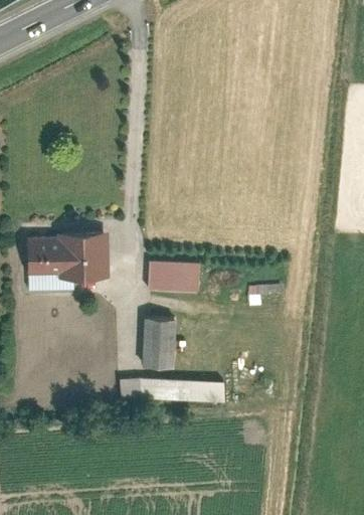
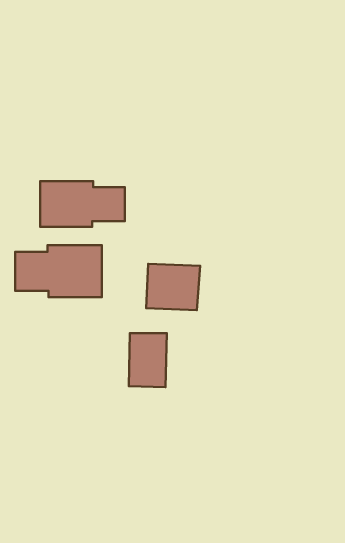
building: none -> [40,181,125,227]
building: [115,377,218,399] -> none

